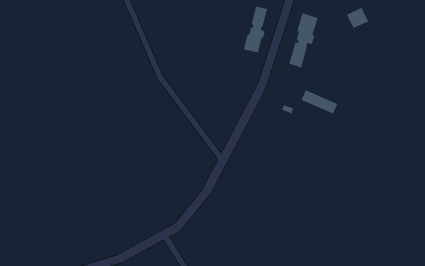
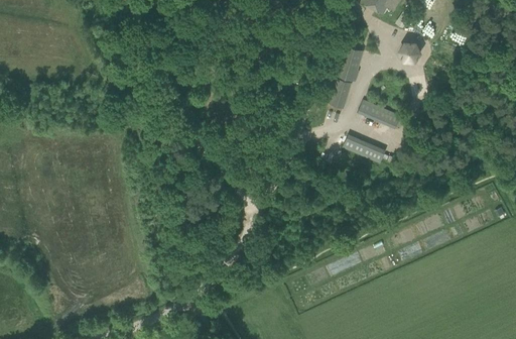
building: [243,6,268,53] -> none
building: none -> [357,98,400,127]

